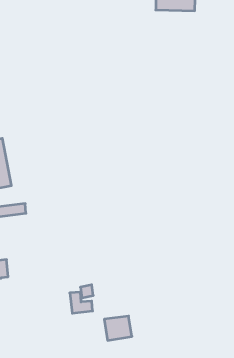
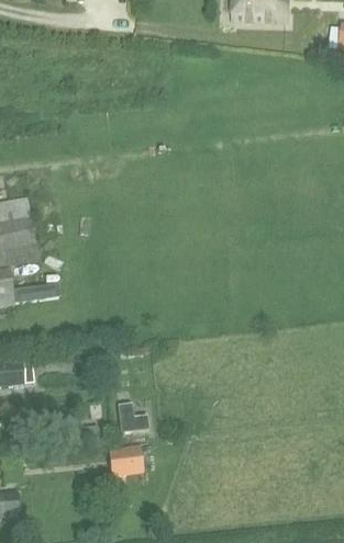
building: [104,316,132,340] -> [108,444,145,477]

